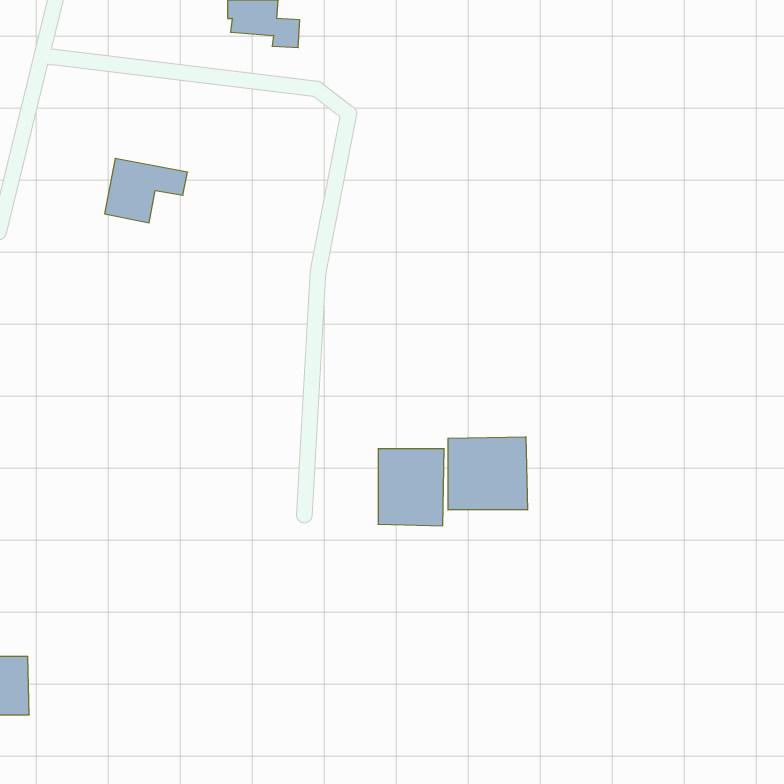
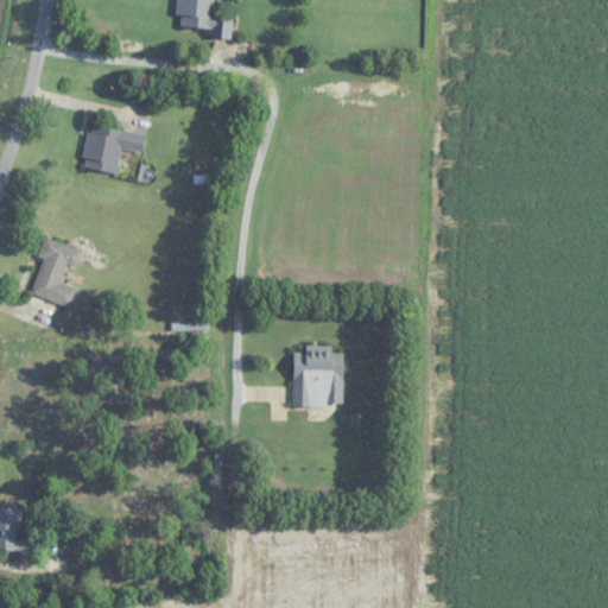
building: none -> [31,238,82,306]
building: [448,437,528,510] -> none

